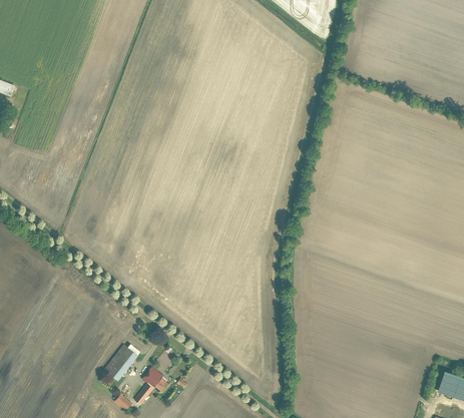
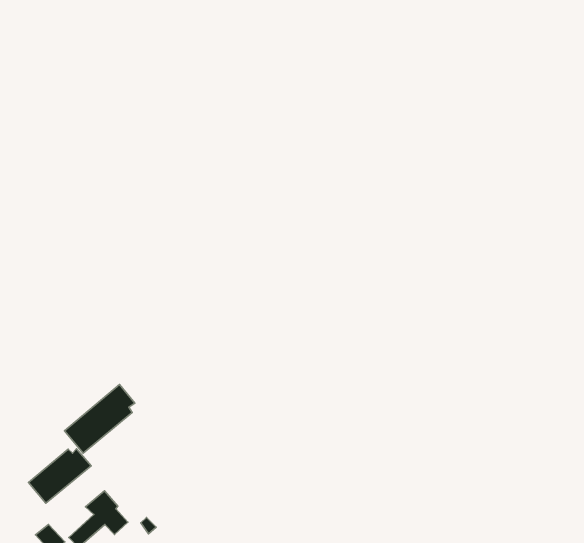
building: none -> [65,384,135,453]

